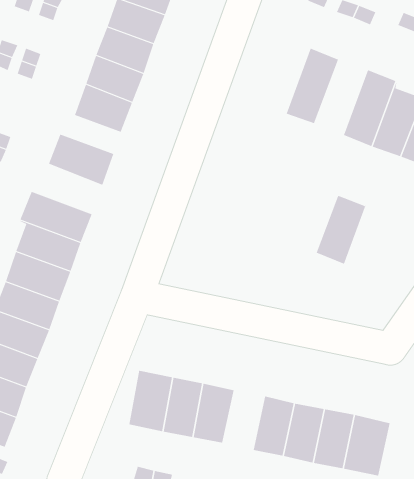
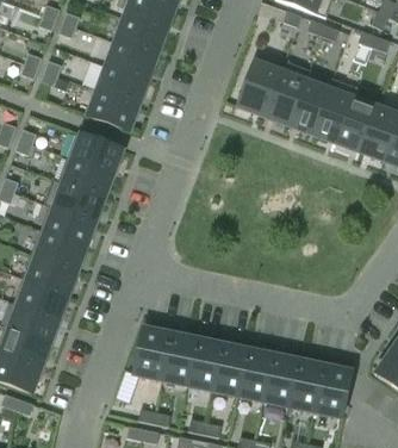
building: none -> [237,56,285,114]
building: none -> [52,156,112,198]
building: [316,188,369,264] -> [288,69,332,132]
building: none -> [212,344,247,394]

